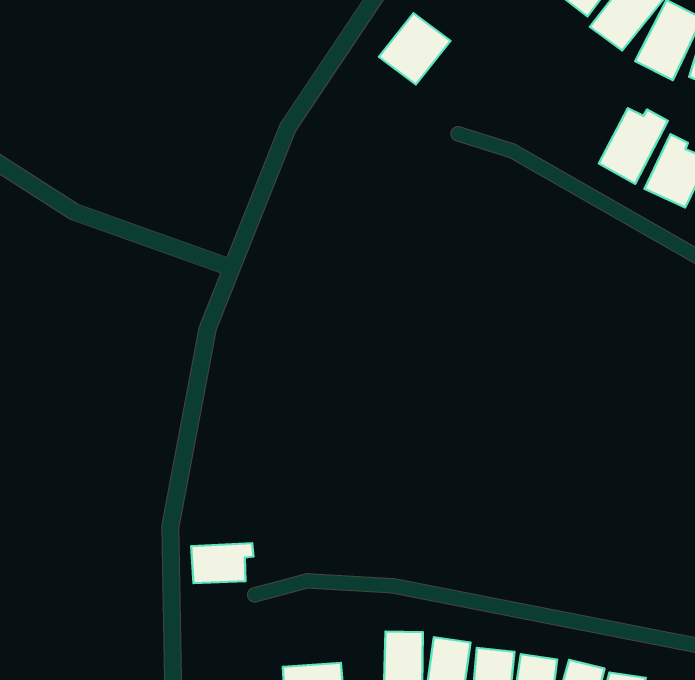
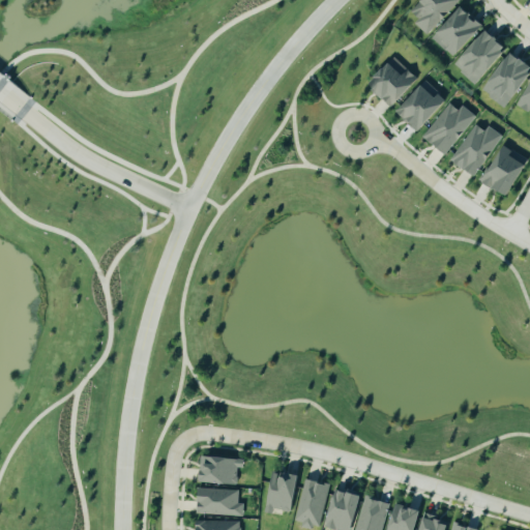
building: [379,13,450,85] -> [367,57,418,107]
building: none -> [396,81,446,131]
building: none -> [421,104,476,154]
building: [191,543,254,583] -> [200,455,243,483]

